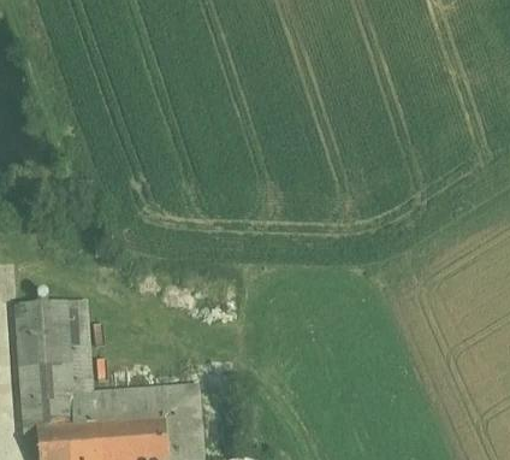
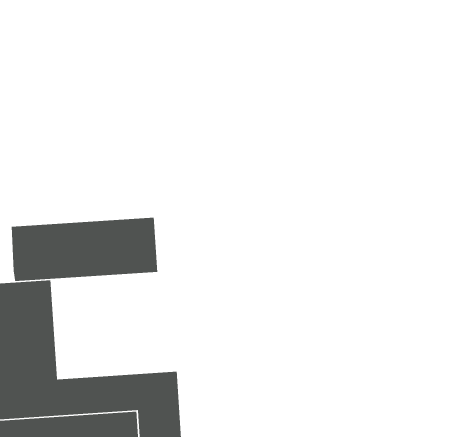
building: none -> [11,217,158,282]

